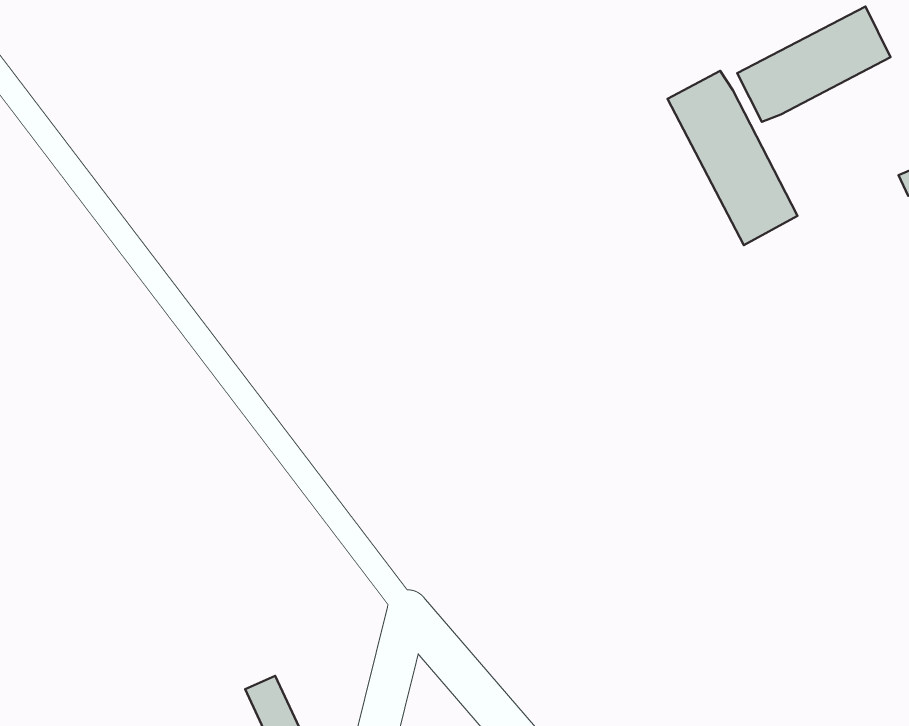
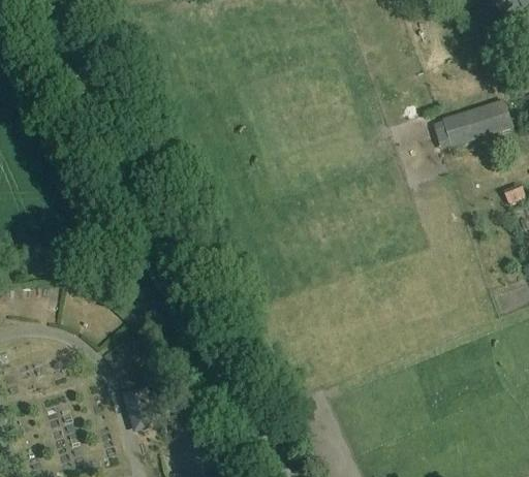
building: [668,71,798,245] -> none

